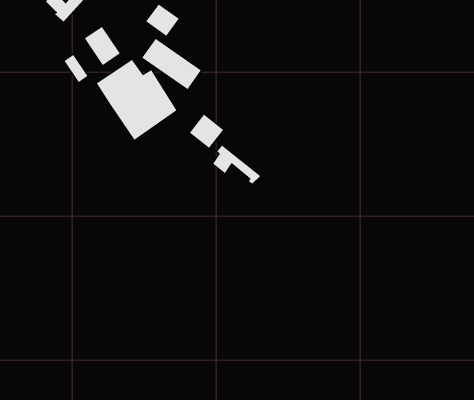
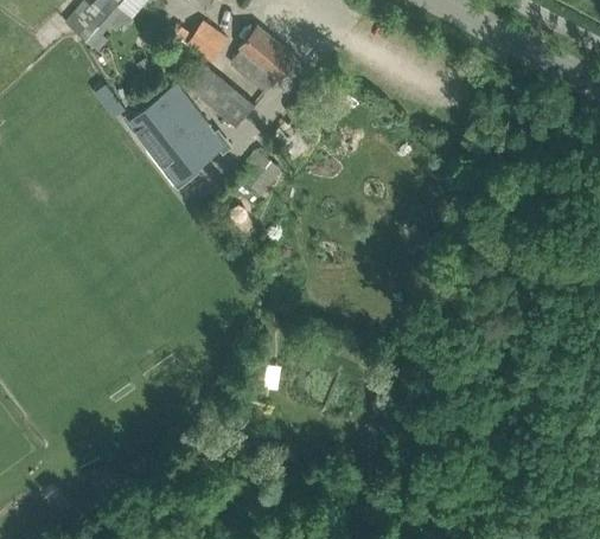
building: none -> [230,27,298,90]
building: [84,26,121,66] -> none
building: [212,144,261,185] -> none

